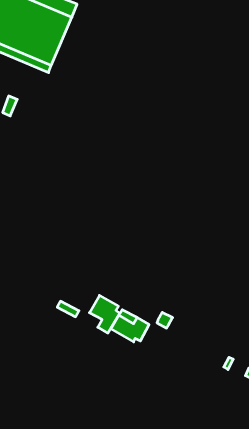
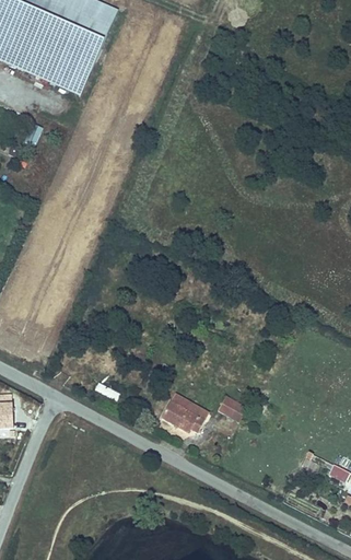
building: [89,295,120,333] -> none

